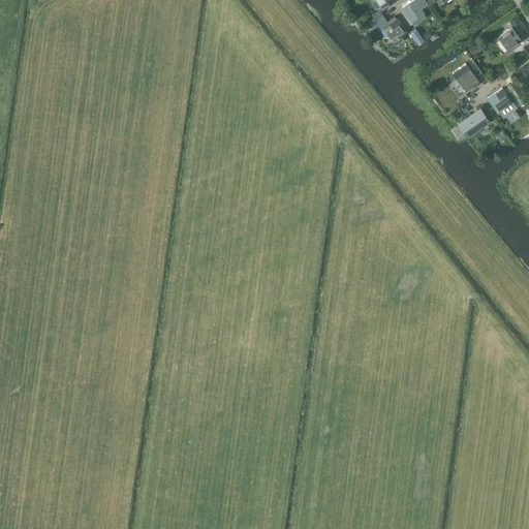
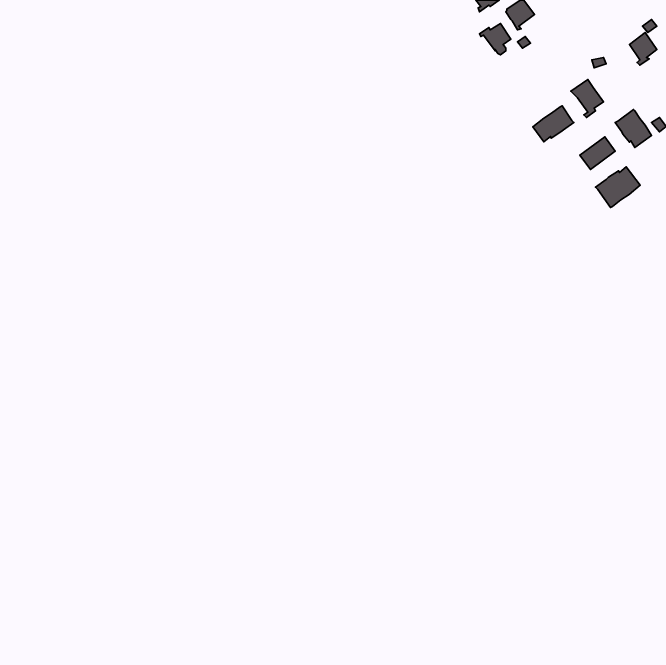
building: none -> [533,106,574,142]
building: none -> [596,167,640,207]

